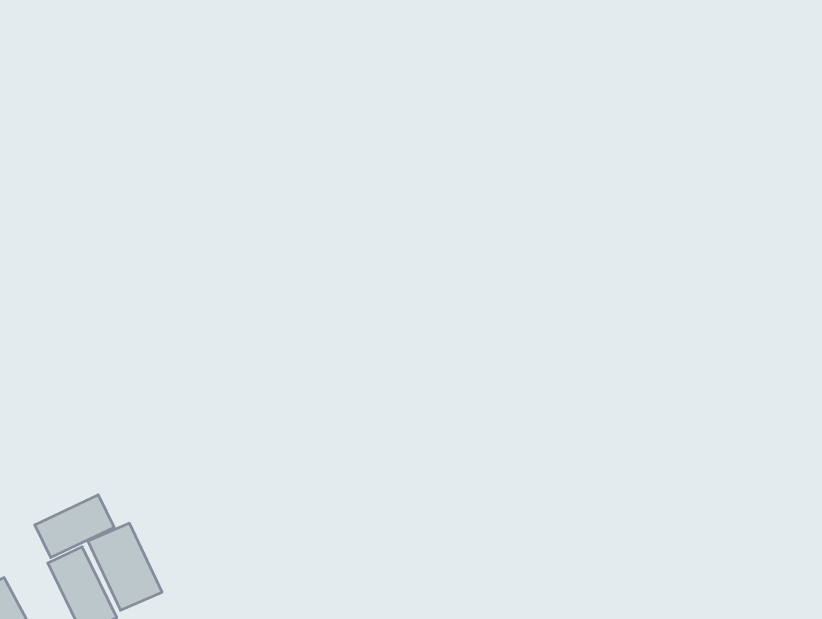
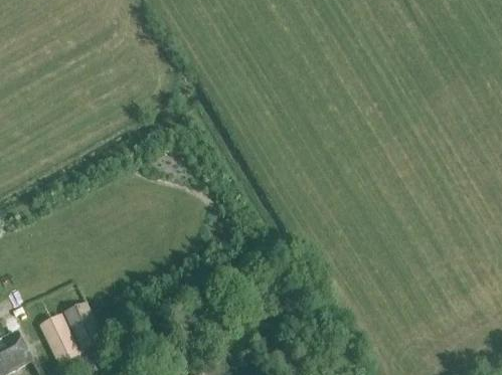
building: [35,495,114,558] -> none

